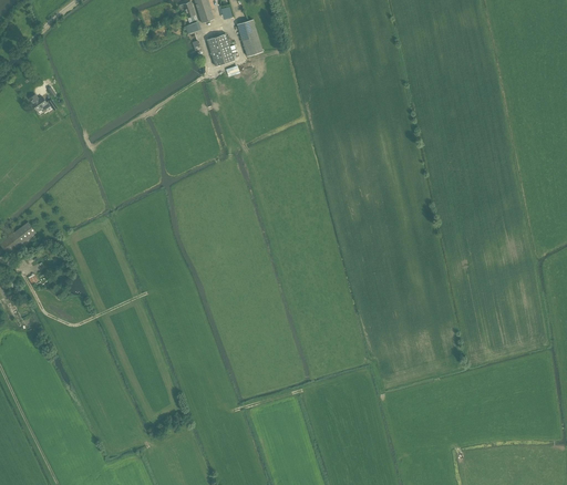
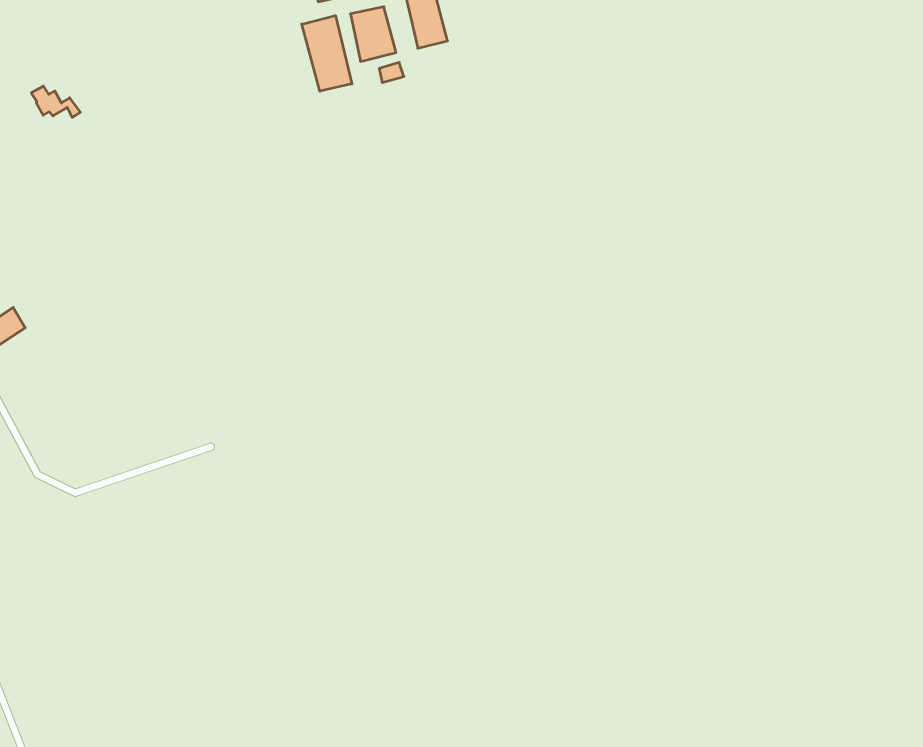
building: none -> [302,16,352,91]

